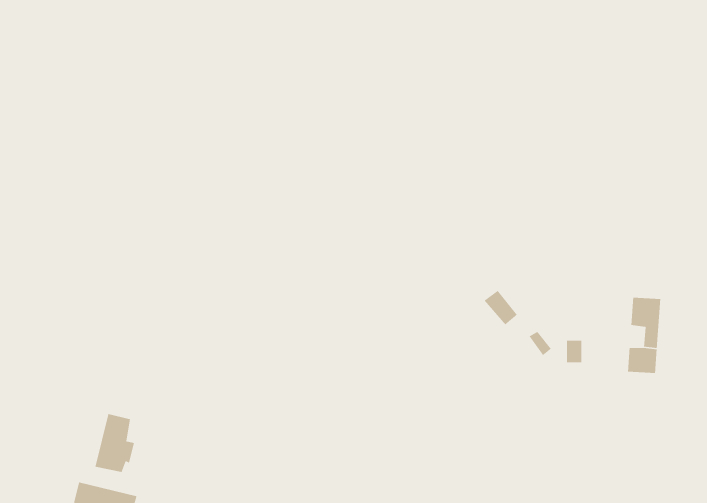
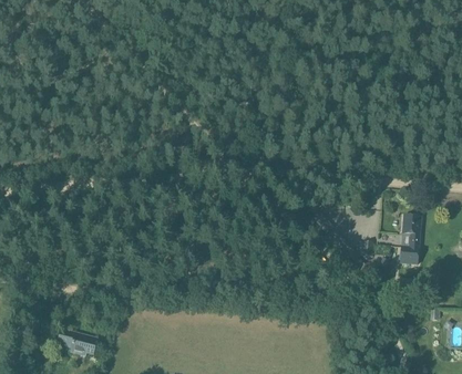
building: [95,413,135,473] -> none

